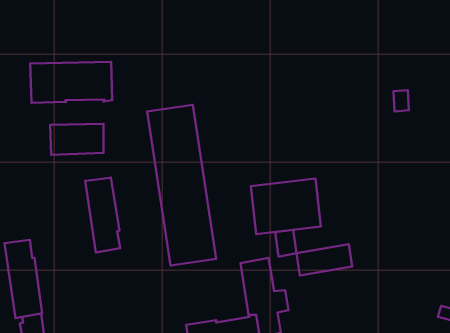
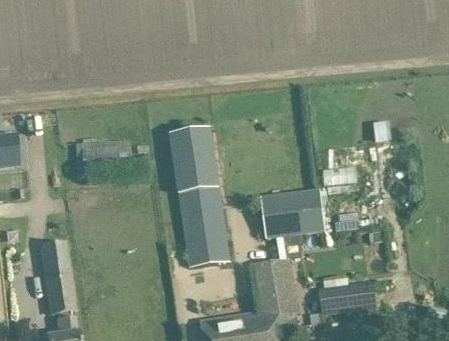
building: [30,62,112,103] -> none
building: [85,177,120,252] -> none
building: [296,244,352,276] -> [325,286,375,314]

